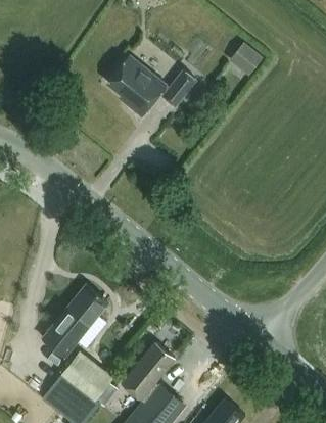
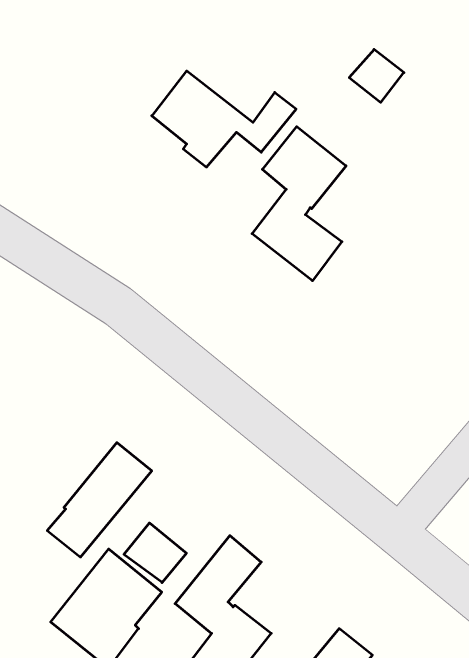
building: none -> [252,127,346,281]
building: none -> [124,523,186,583]

